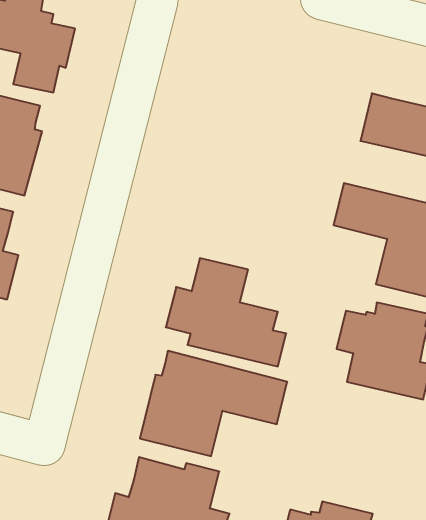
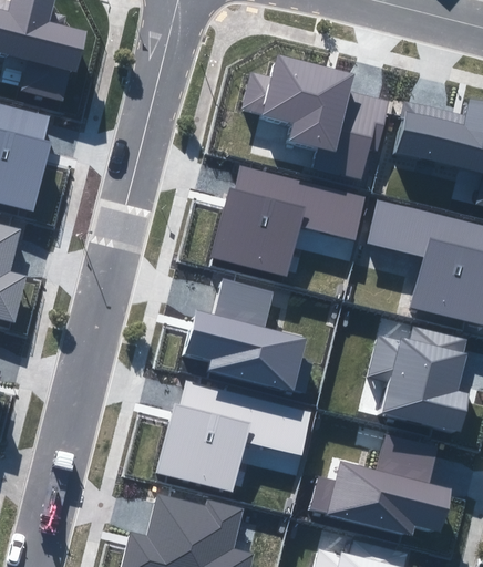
building: none -> [239,55,388,182]
building: none -> [210,165,366,276]
building: none -> [309,432,451,534]

